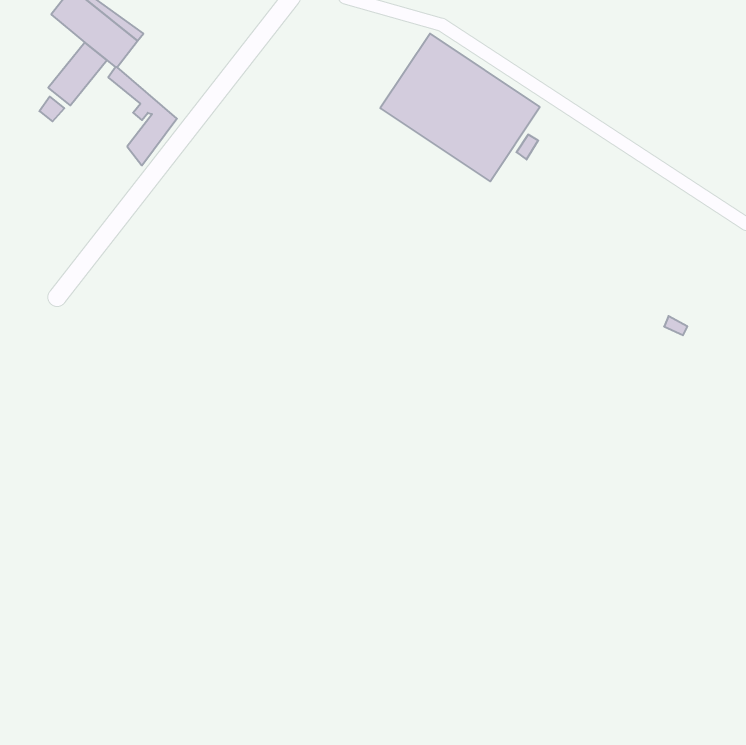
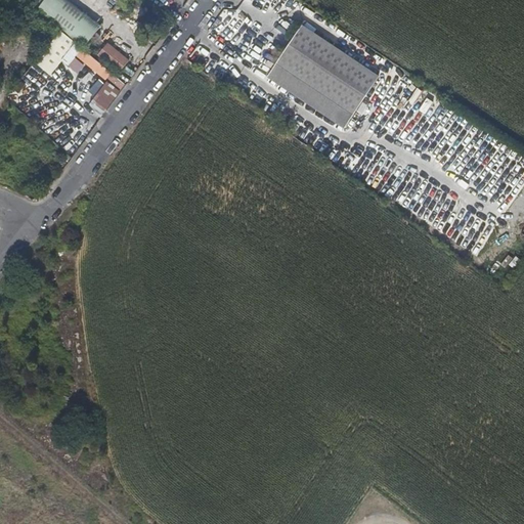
building: none -> [97,41,128,71]

